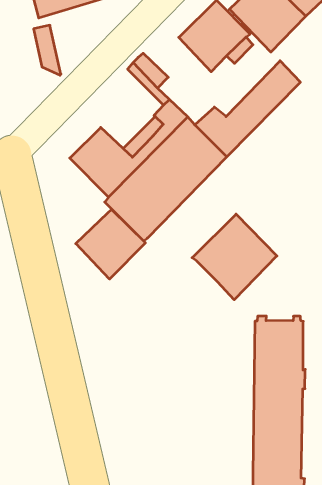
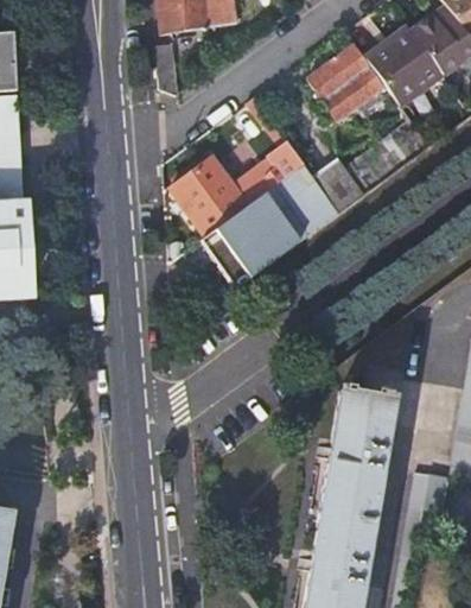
building: [76,209,145,279] -> none
building: [192,214,277,300] -> none

